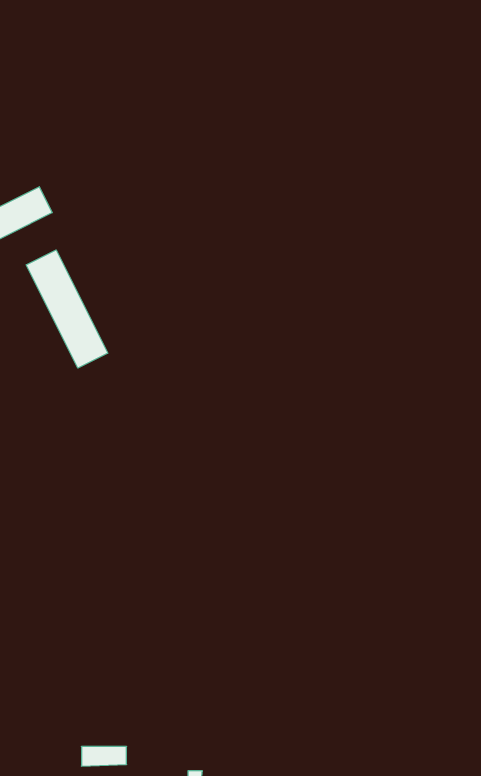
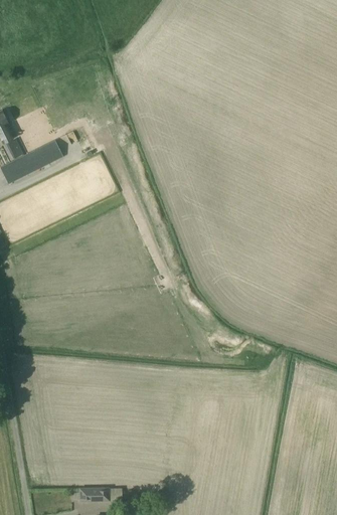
building: [26,250,108,368] -> none

